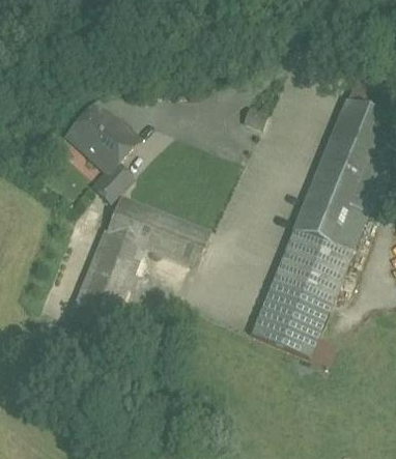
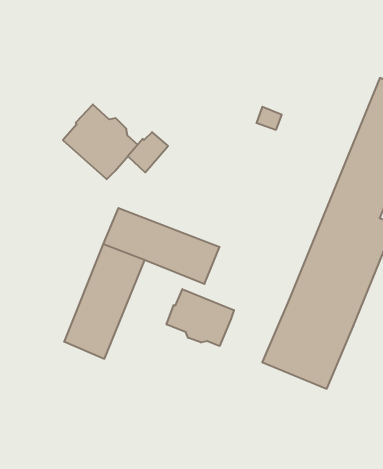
building: [94,164,131,200] -> [128,132,168,172]
building: none -> [167,289,234,346]

